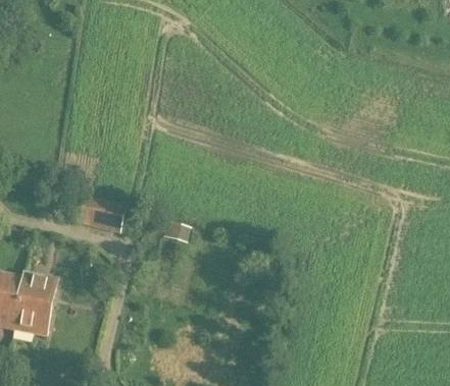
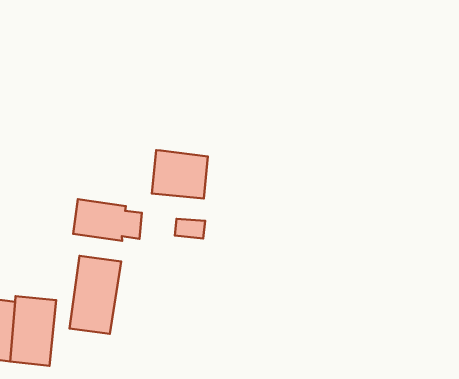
building: none -> [152,150,208,199]
building: none -> [69,256,121,334]

